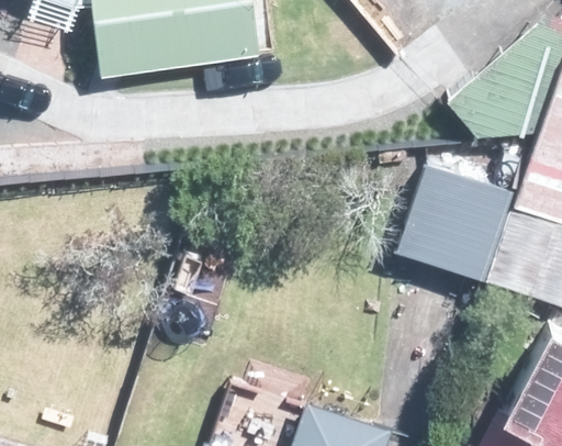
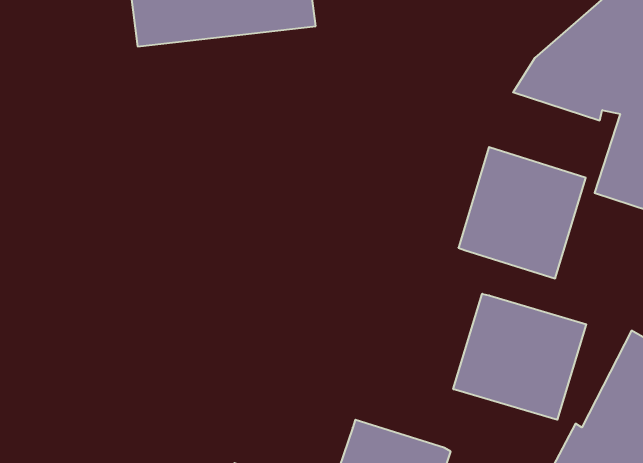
building: none -> [453,294,586,420]

